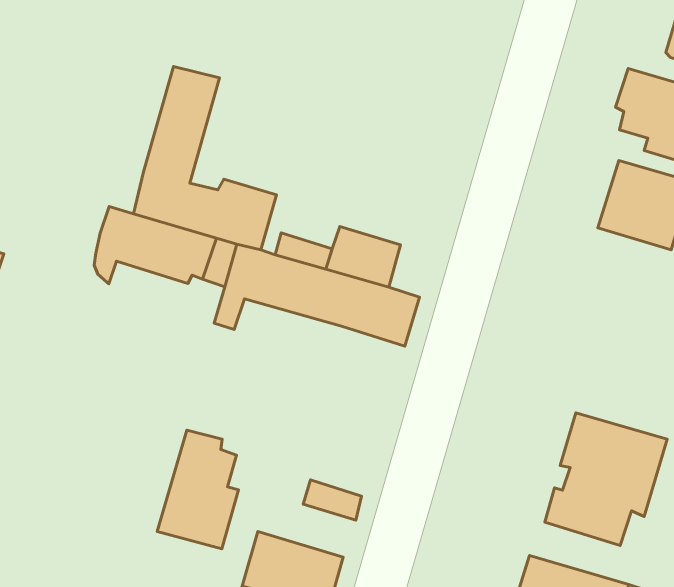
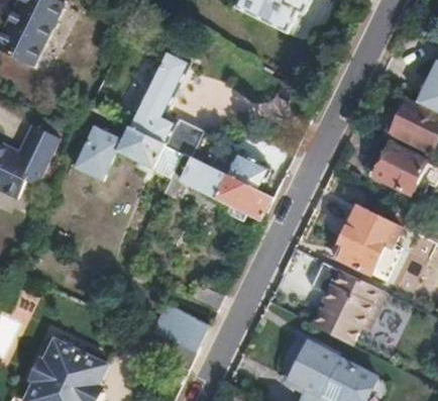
building: none -> [66,125,110,197]
building: none -> [333,207,399,272]
building: [157,430,239,549] -> none

